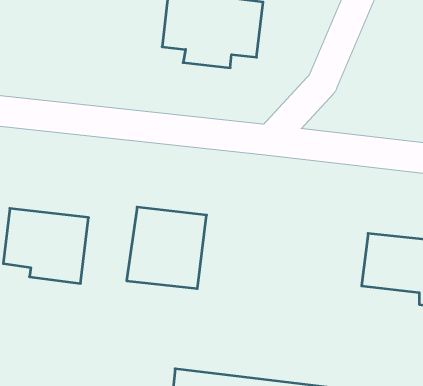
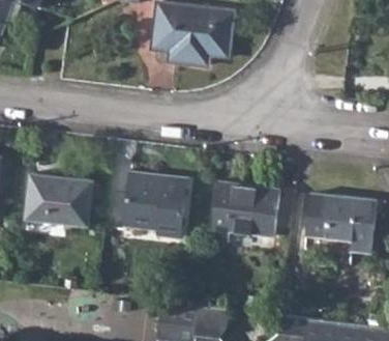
building: none -> [211,181,280,241]

